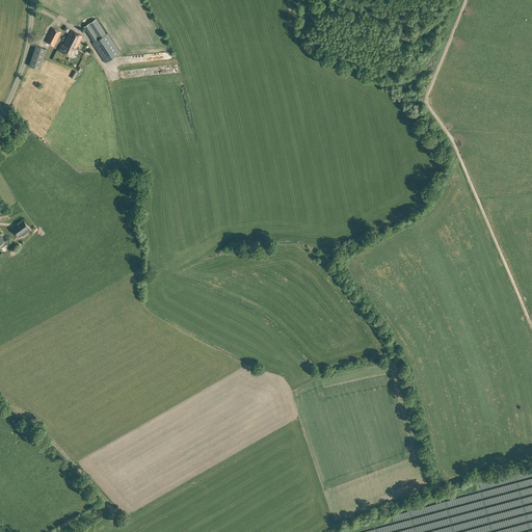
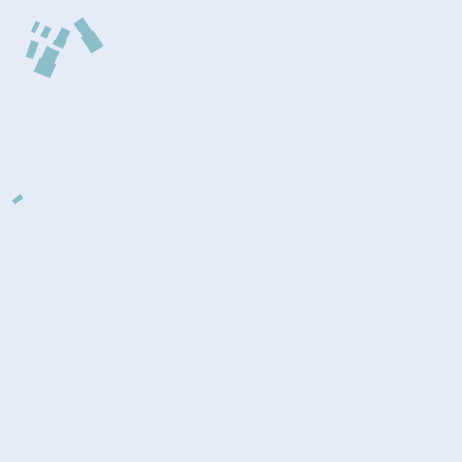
building: none -> [32,45,61,79]

